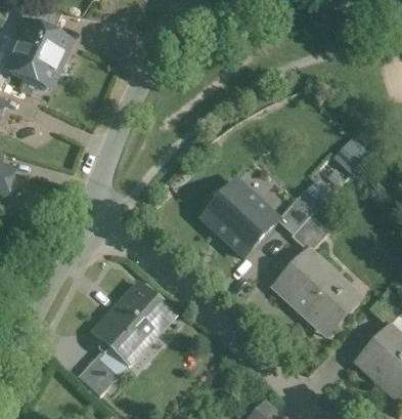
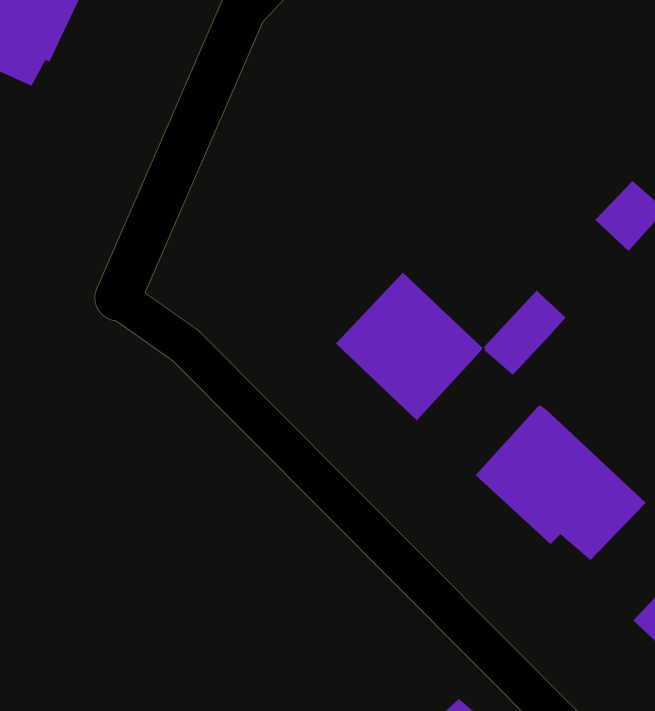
building: [292,213,328,250] -> none
building: [93,281,174,364] -> none
building: [79,357,117,394] -> none

